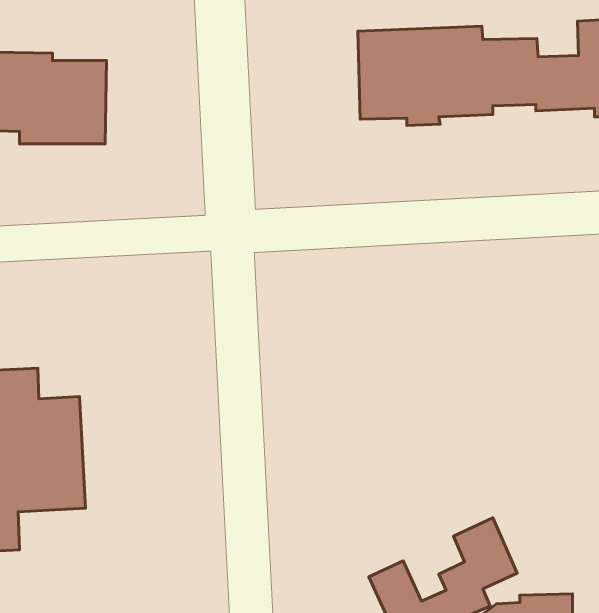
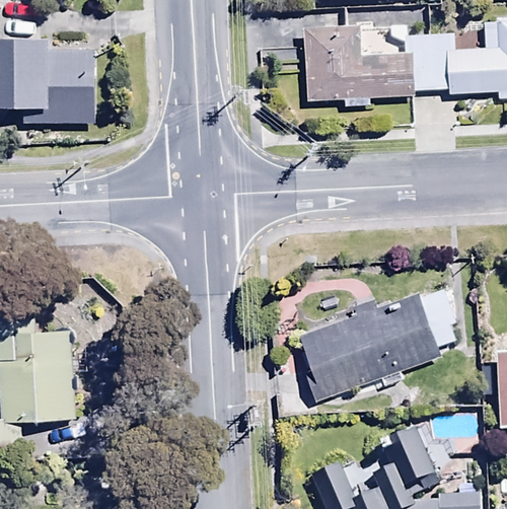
building: none -> [299,286,456,399]

